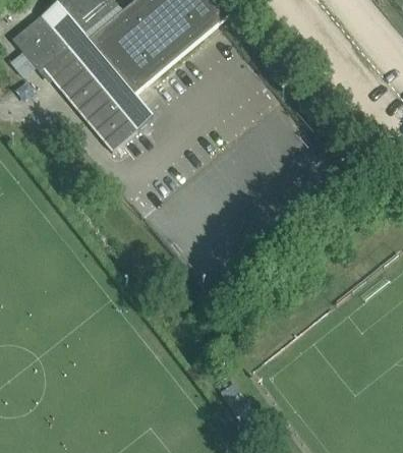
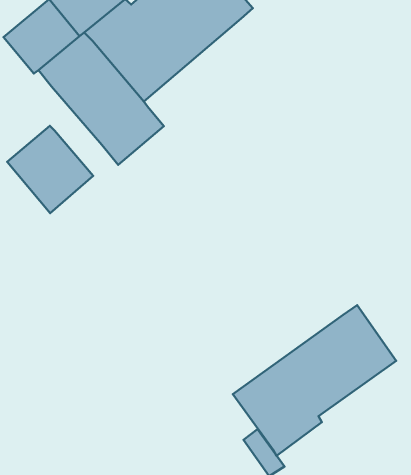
building: none -> [7,126,93,213]
building: none -> [233,305,396,456]

